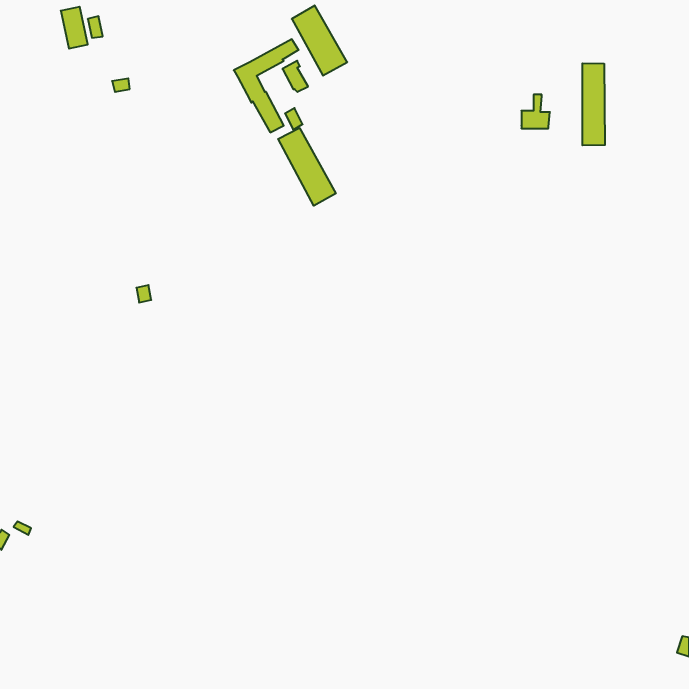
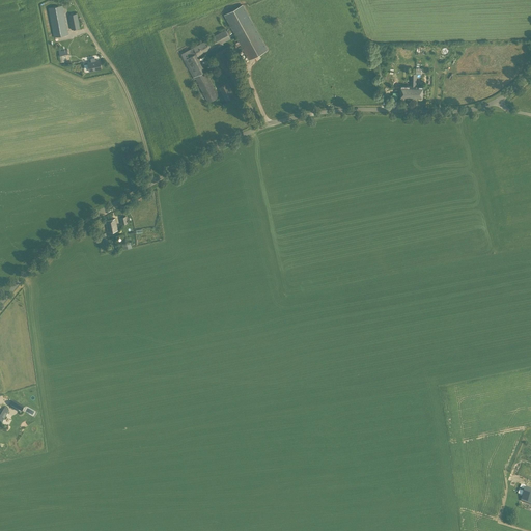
building: [582,63,605,145] -> none
building: [278,128,336,206] -> none

